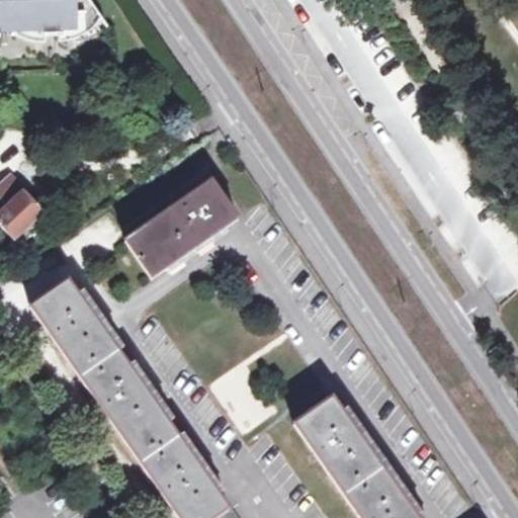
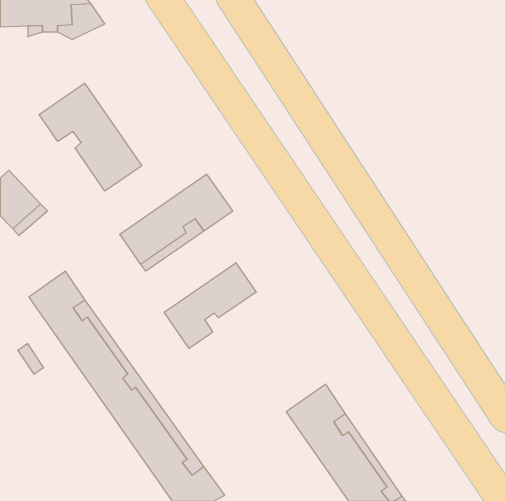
building: none -> [39,83,142,191]
building: none -> [164,263,256,349]

